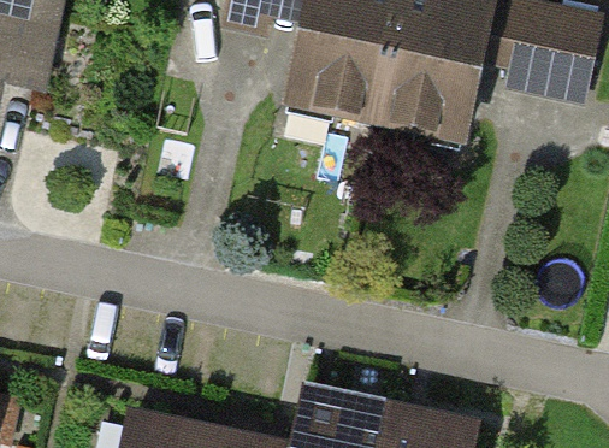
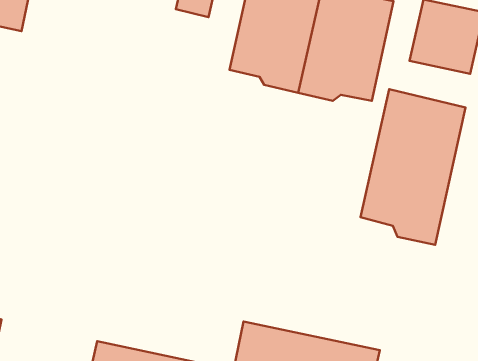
building: none -> [360,89,466,245]

